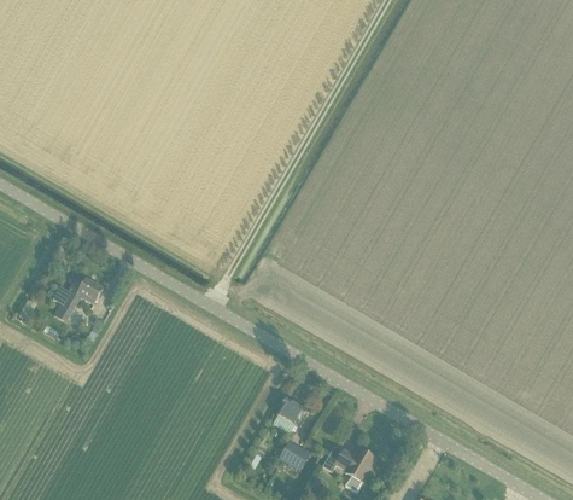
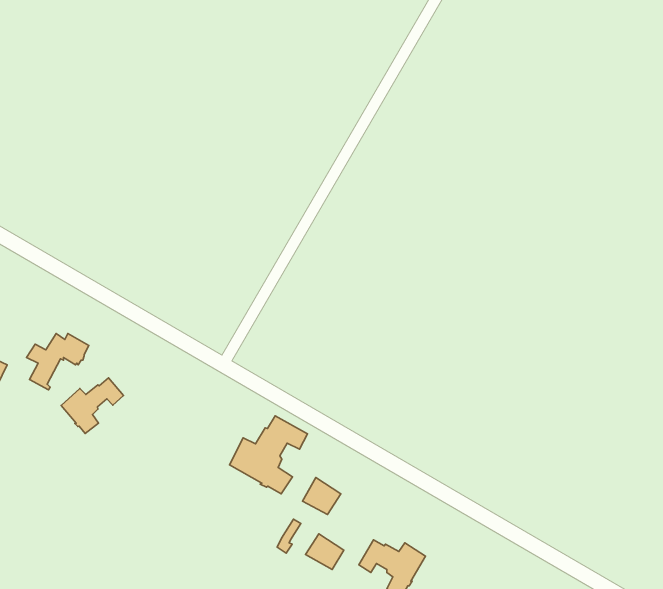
building: none -> [61,378,123,433]
building: none -> [229,416,307,494]

